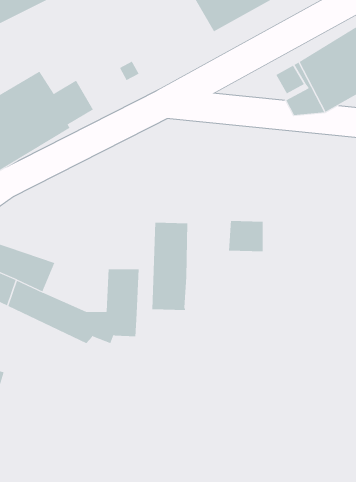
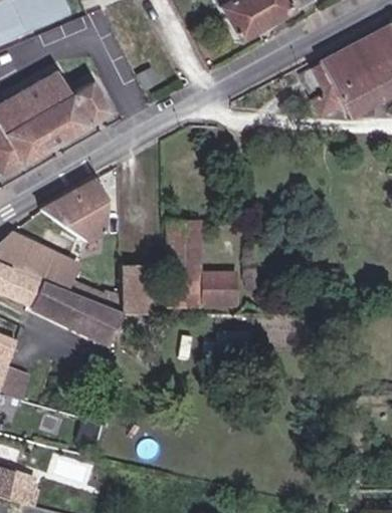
building: none -> [48,178,115,240]
building: [228,220,264,252] -> [209,276,244,307]

